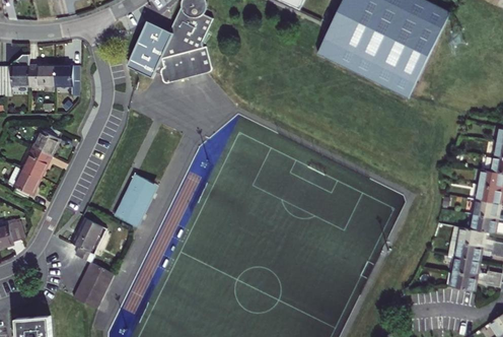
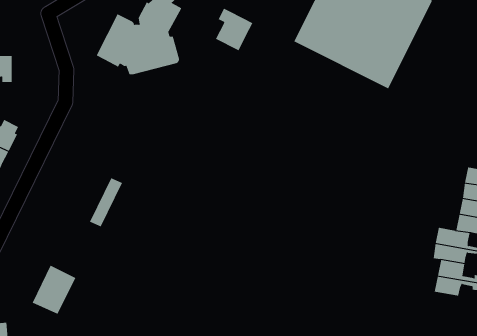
building: none -> [215,8,253,51]
building: [54,65,79,94] -> none
building: [113,173,146,221] -> none
building: [70,217,105,262] -> none

